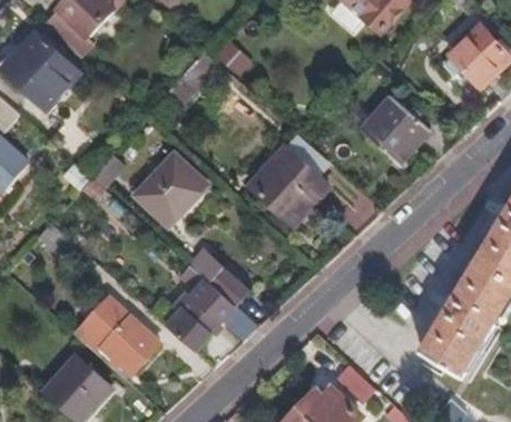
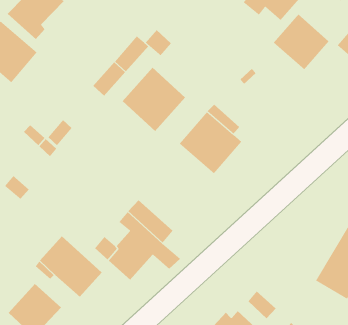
building: [360,95,430,165] -> [273,14,330,70]
building: [137,155,216,235] -> [122,67,186,132]

